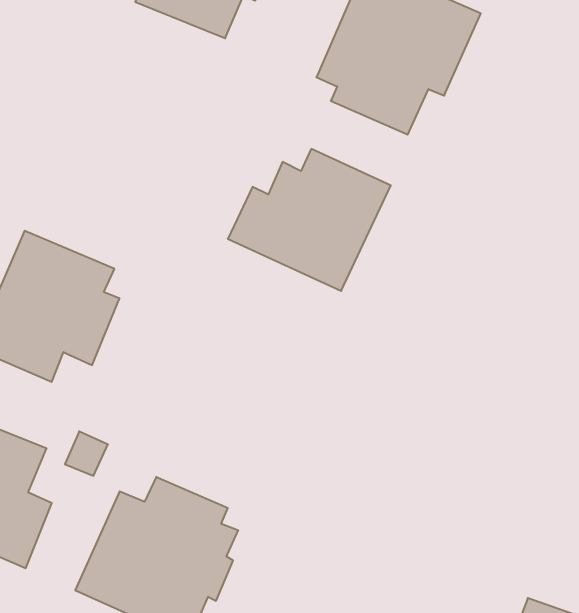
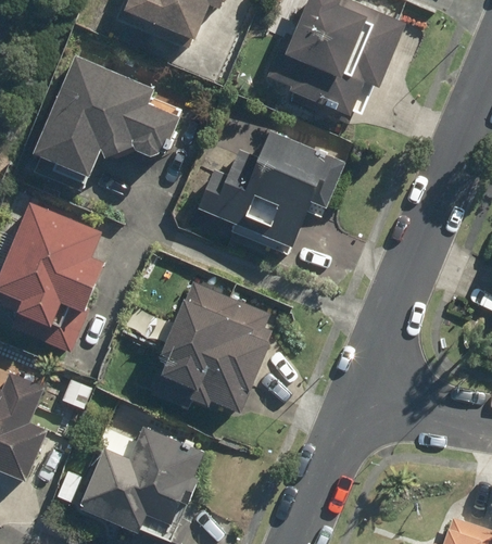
building: none -> [28,51,181,190]
building: none -> [144,278,275,415]

